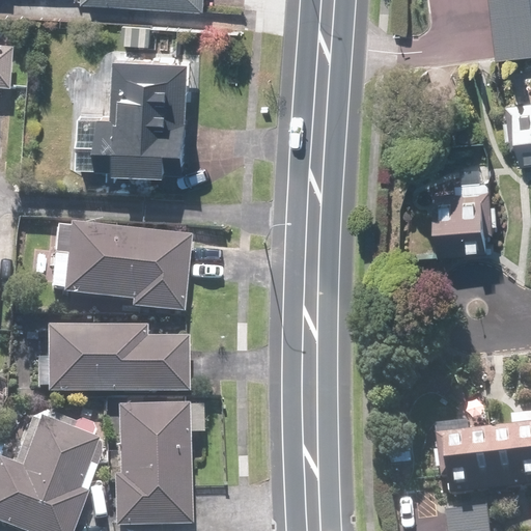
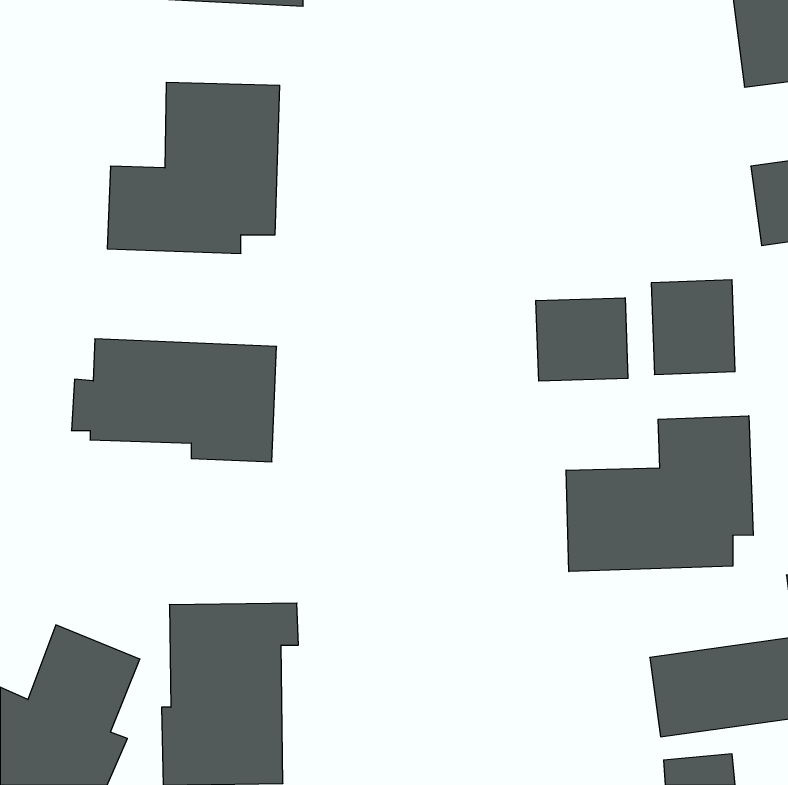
building: none -> [536,298,628,381]
building: none -> [566,416,753,572]
building: [46,324,190,392] -> none

